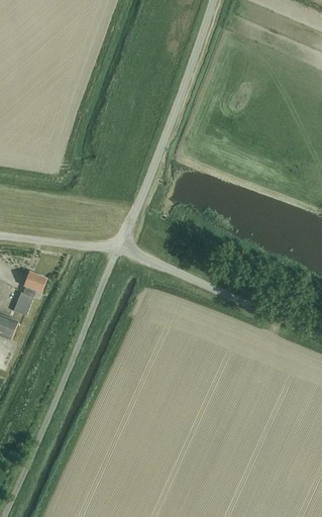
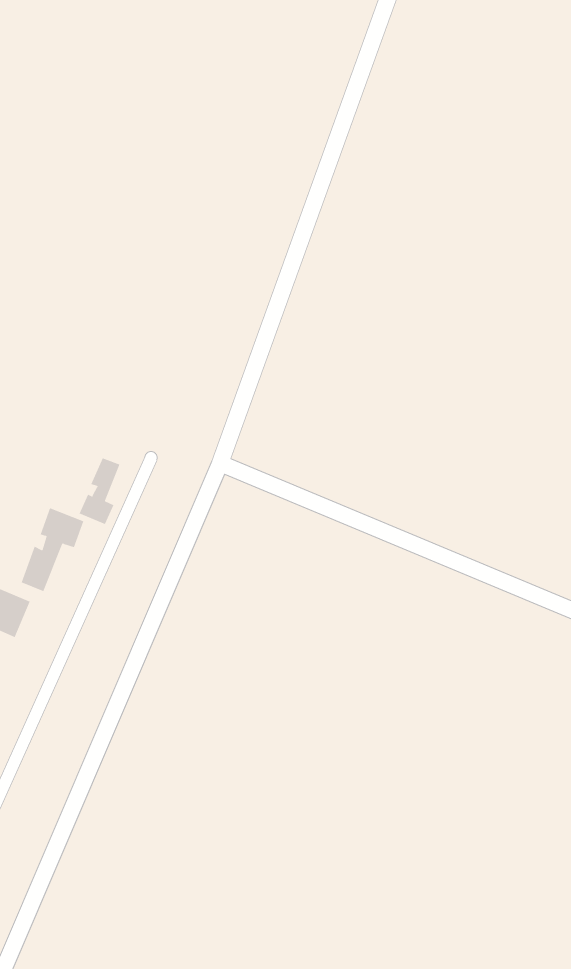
building: none -> [79,457,120,525]

